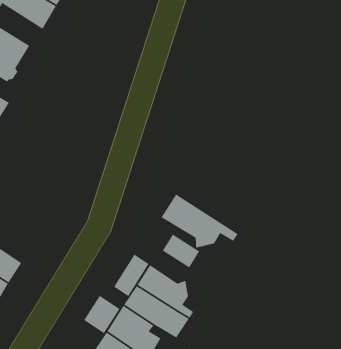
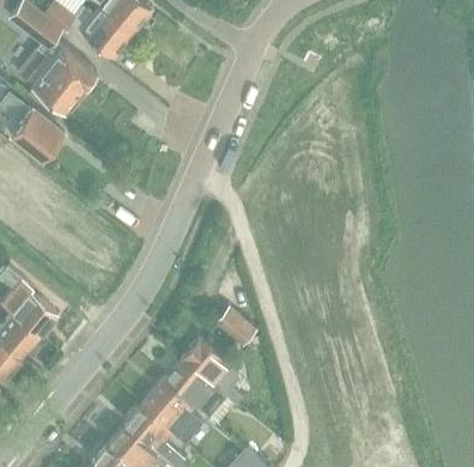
building: [161,194,239,248] -> none
building: [113,254,149,297] -> none
building: [83,295,121,334] -> none

